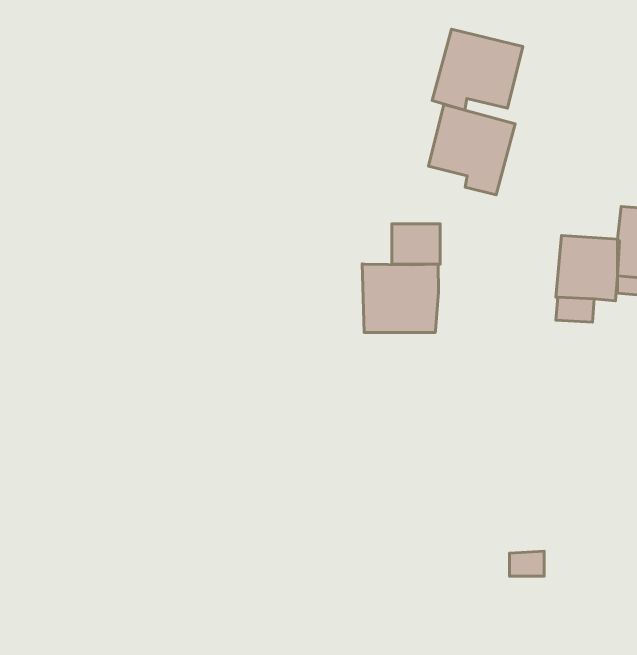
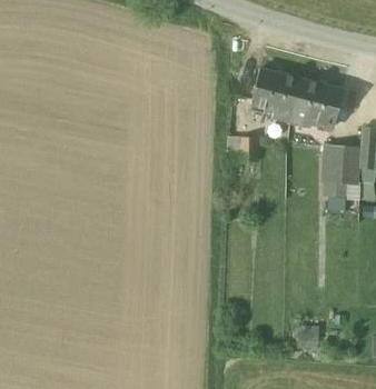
building: [432,29,523,110] -> [290,80,343,127]
building: [362,264,439,333] -> none

